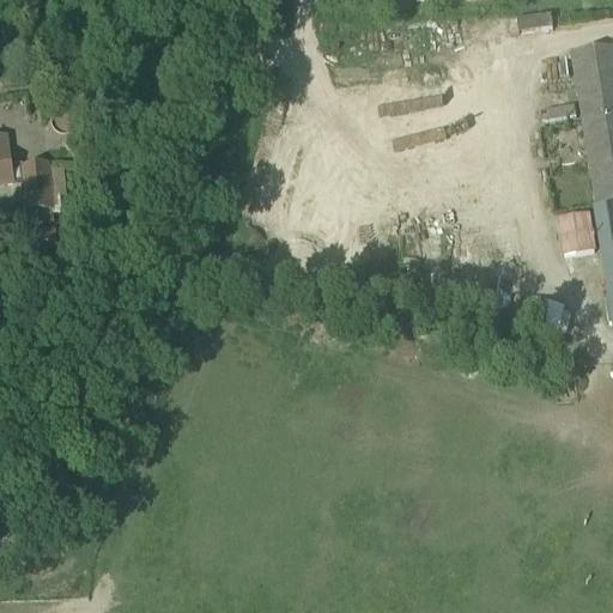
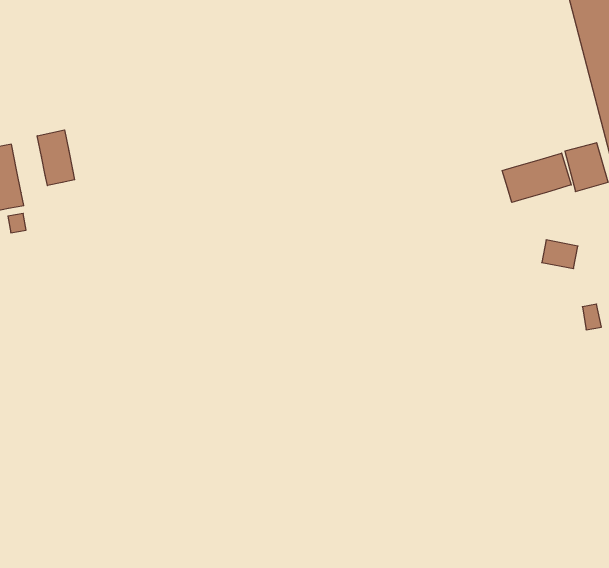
building: none -> [37,130,75,186]
building: none -> [502,153,571,202]

